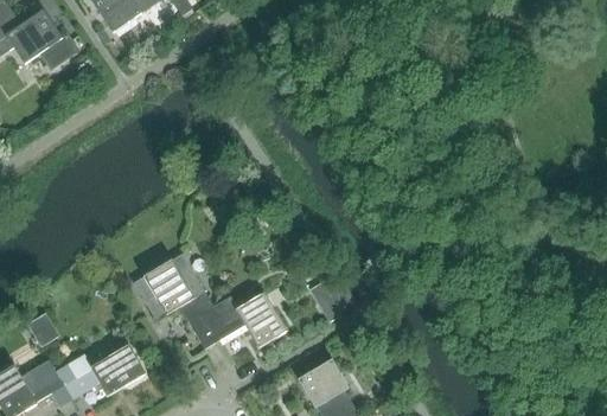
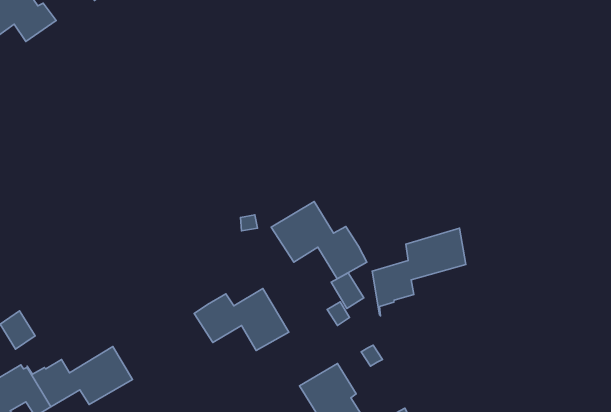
building: none -> [271,201,367,279]
building: none -> [372,228,466,316]
building: [133,254,219,348] -> none

